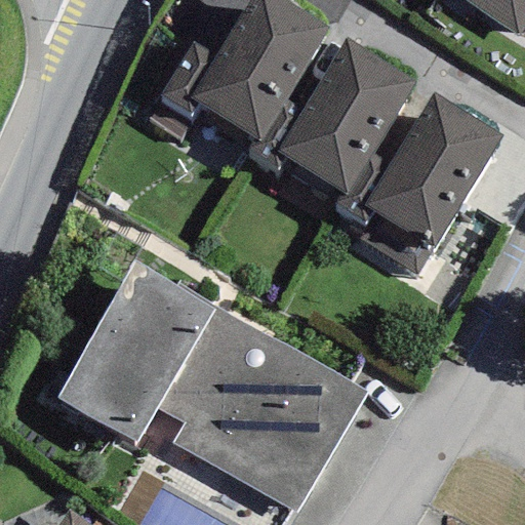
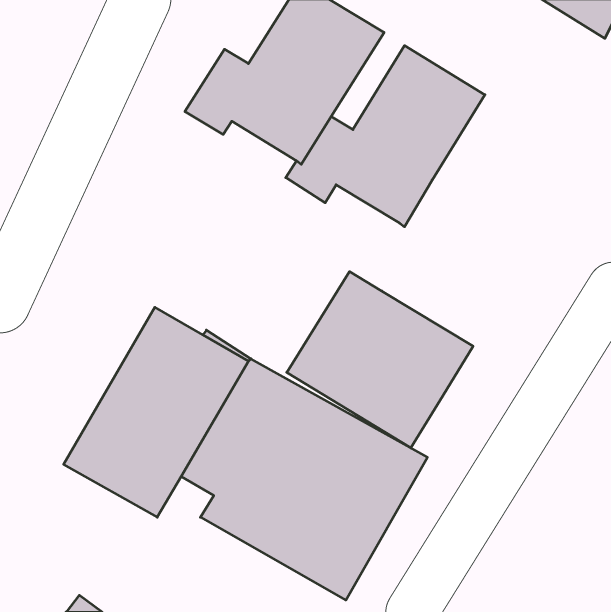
building: [334,92,503,273] -> none
building: none -> [287,272,473,448]

